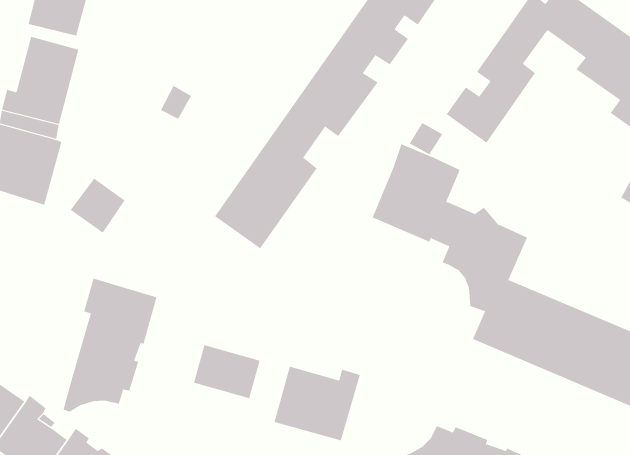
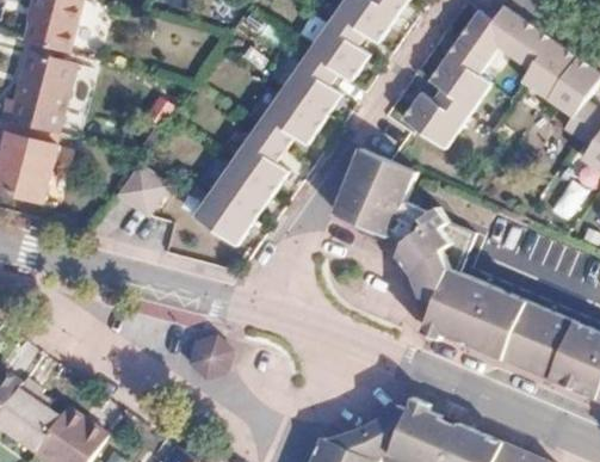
building: [70,178,126,234] -> [118,165,168,215]
building: [63,278,157,412] -> none
building: [274,366,361,441] -> none

